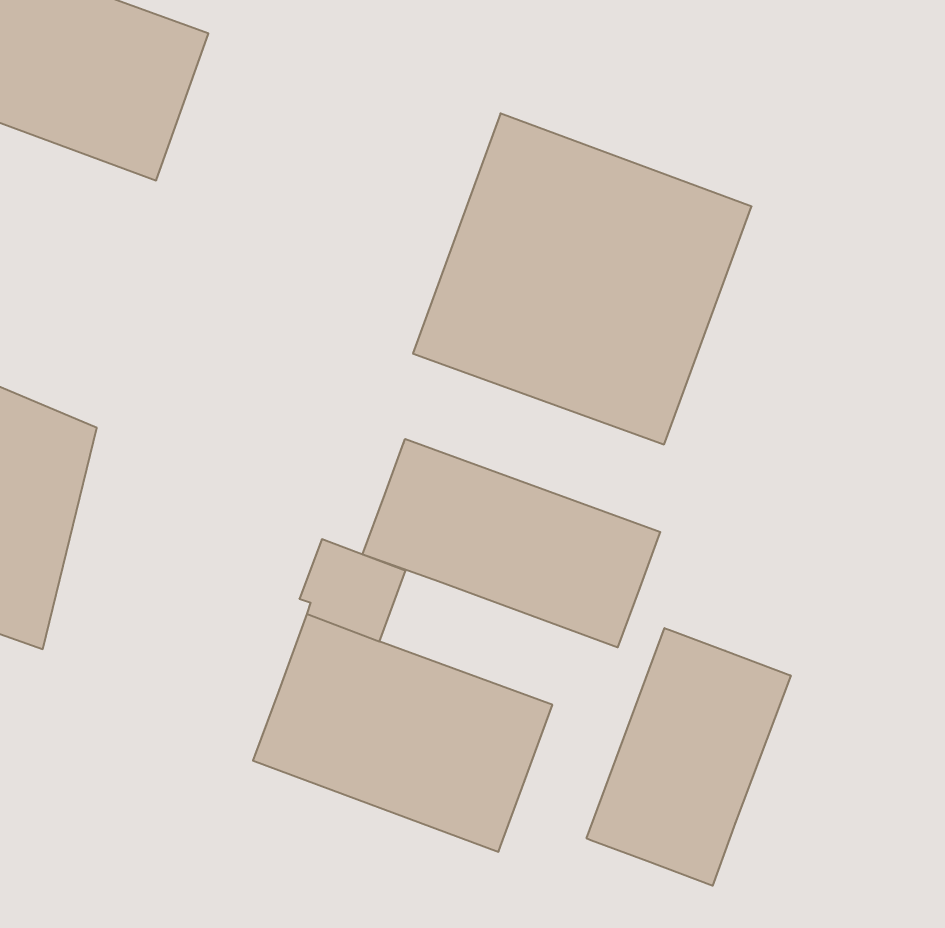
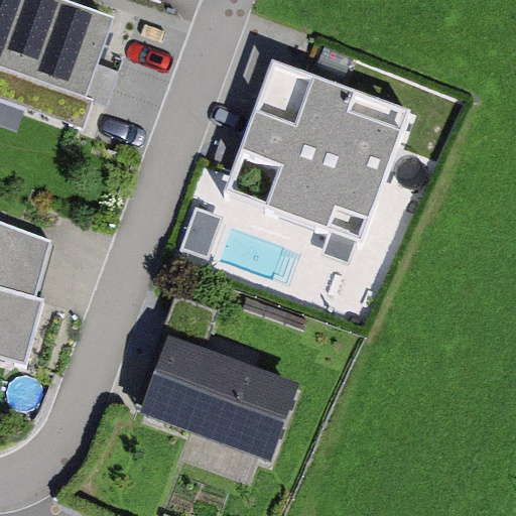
building: [363,439,660,647] -> none
building: [587,628,791,886] -> none

